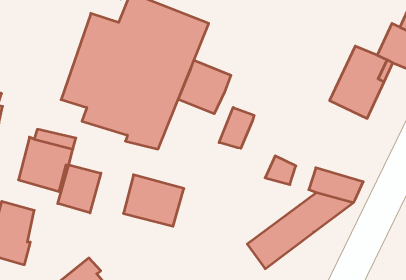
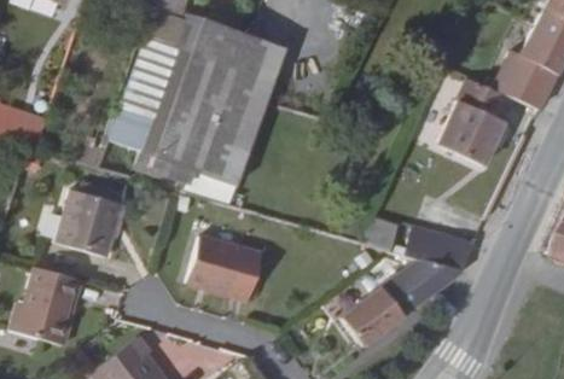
building: [178,60,231,114] -> none
building: [219,107,254,148] -> none
building: [58,165,101,213] -> none

